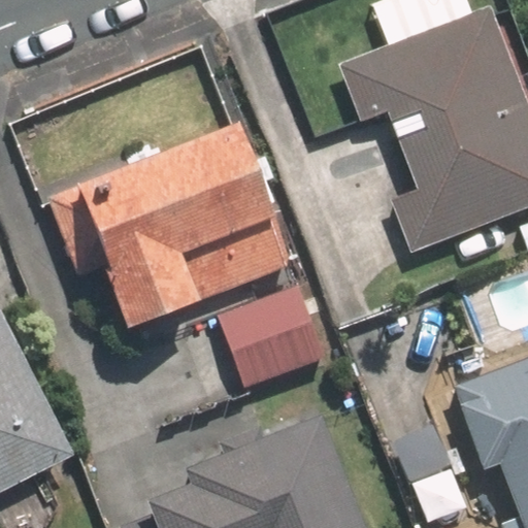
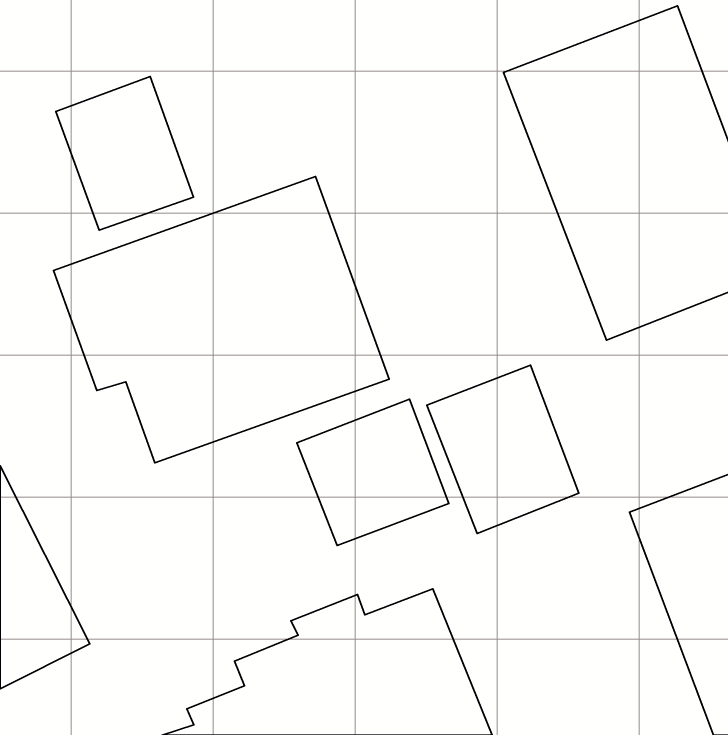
building: none -> [56,76,194,230]
building: none -> [427,365,579,534]

